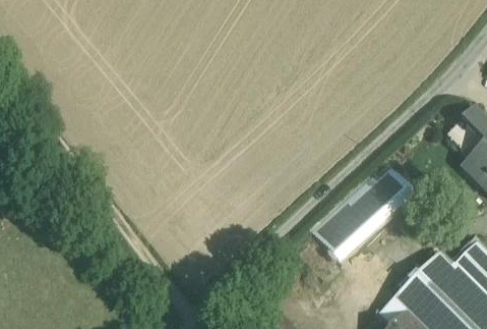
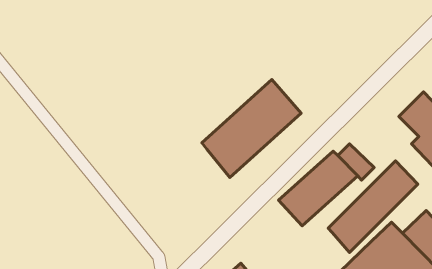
building: none -> [202,80,301,177]
building: none -> [328,161,418,253]

